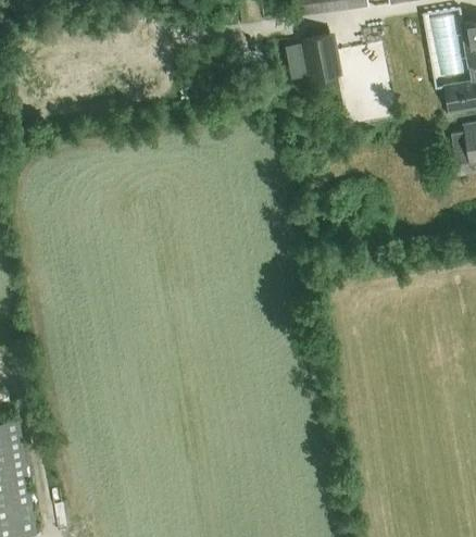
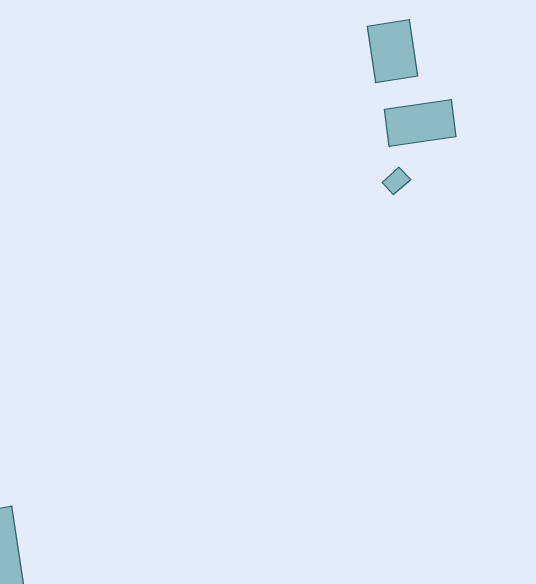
building: none -> [385,99,456,147]

